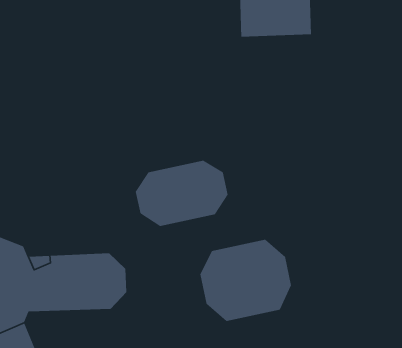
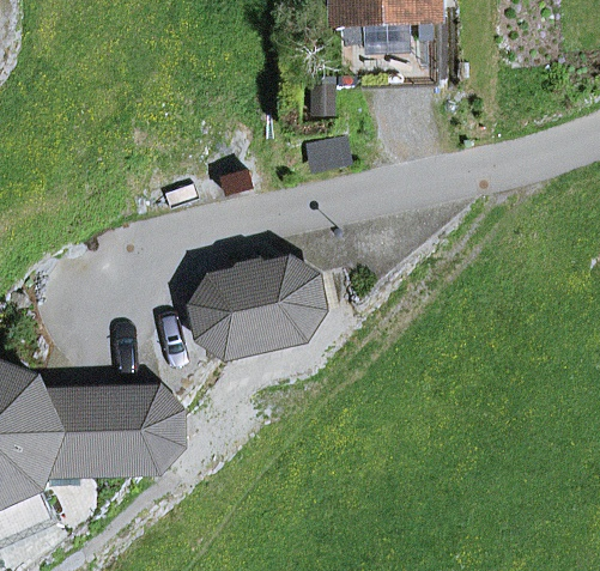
building: [200,239,292,322] -> none

